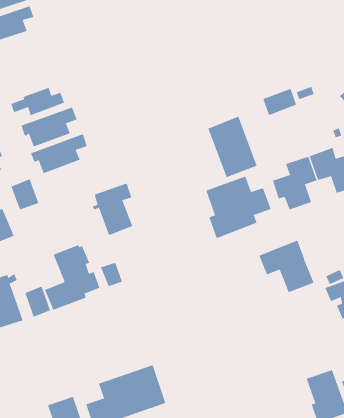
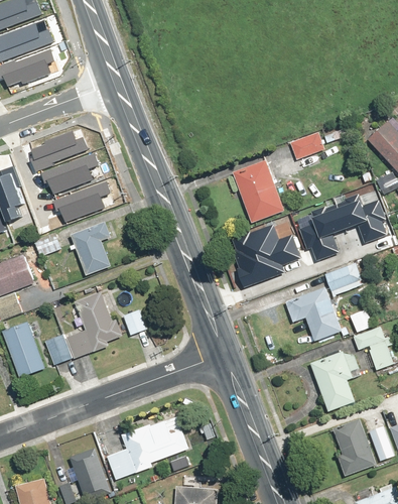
building: [92,183,133,236] -> [70,223,112,277]
building: none -> [324,260,362,292]
building: none -> [310,352,361,411]

